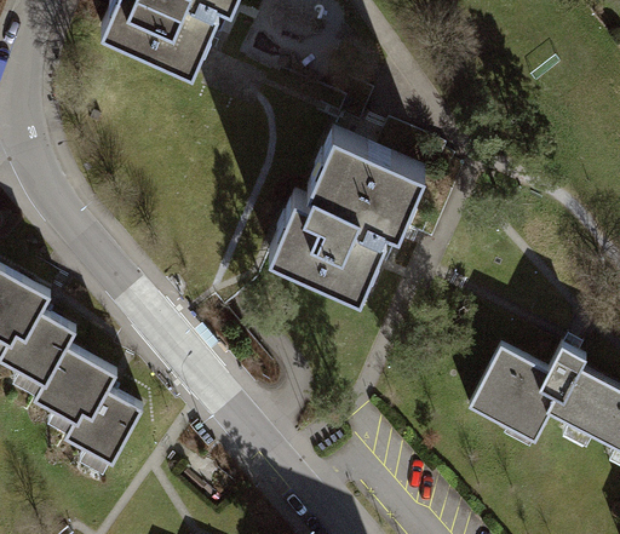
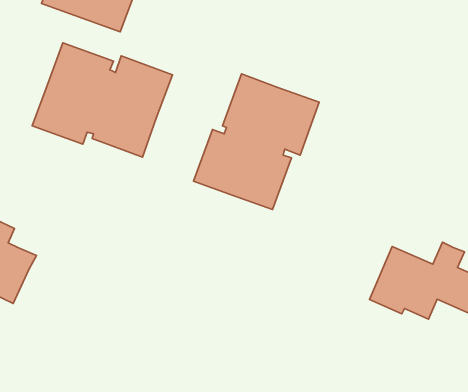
building: none -> [32,43,173,157]
building: [34,349,142,467] -> none

